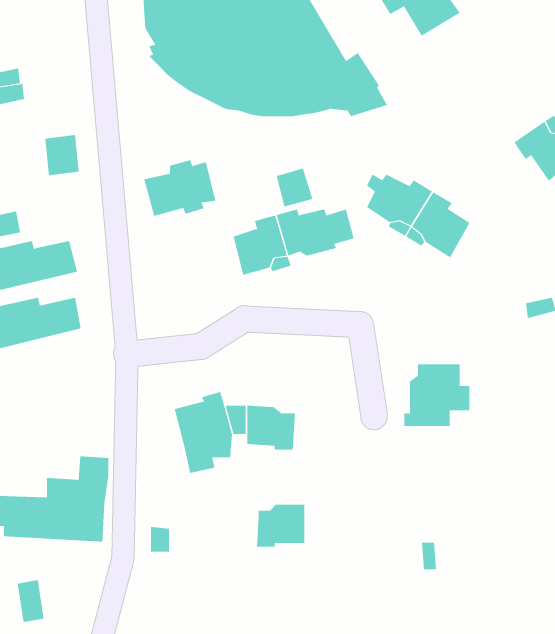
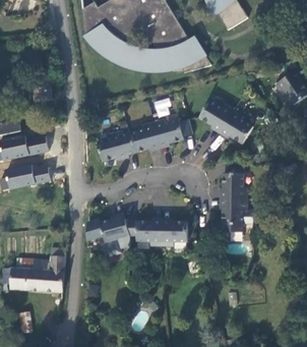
building: [144,160,216,217] -> [97,131,134,161]
building: none -> [222,163,247,198]
building: [256,504,305,547] -> [161,221,186,243]

